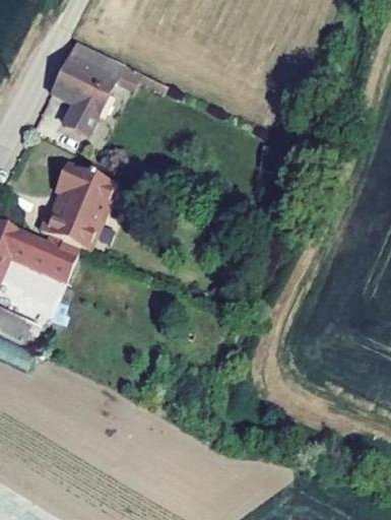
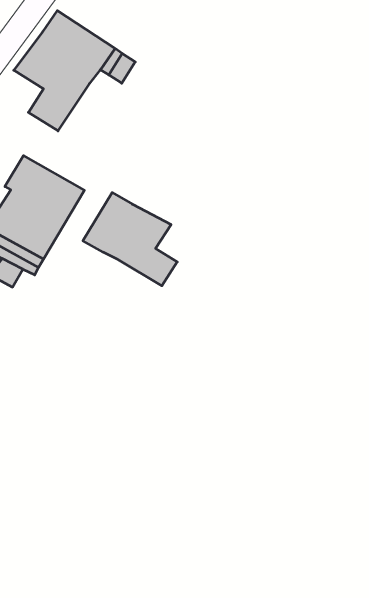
building: none -> [83,193,177,286]

